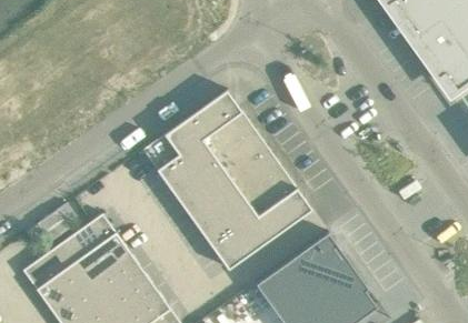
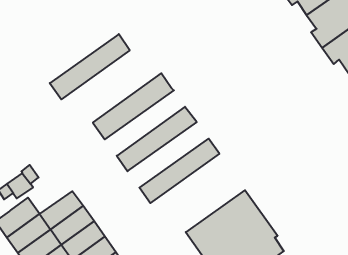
building: [157,112,255,192] -> [50,34,130,99]
building: [185,151,283,231] -> none
building: [212,190,311,271] -> none
building: [62,215,117,263] -> none

